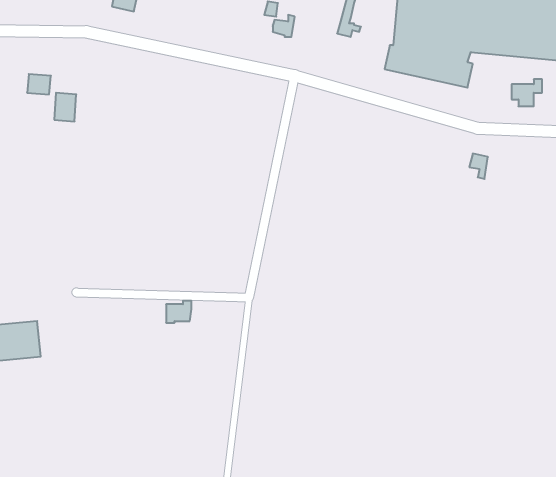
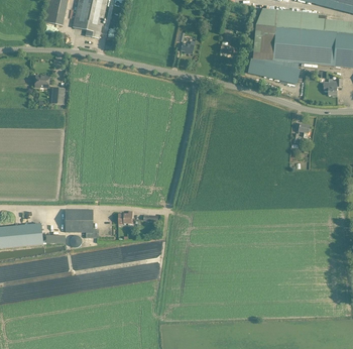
building: none -> [66,210,99,238]

